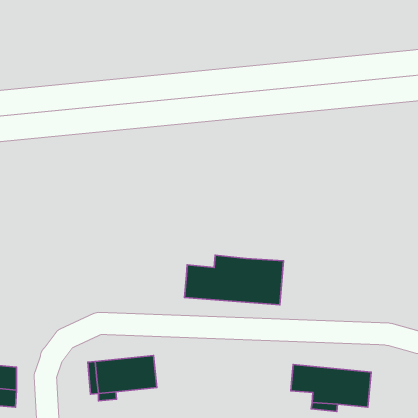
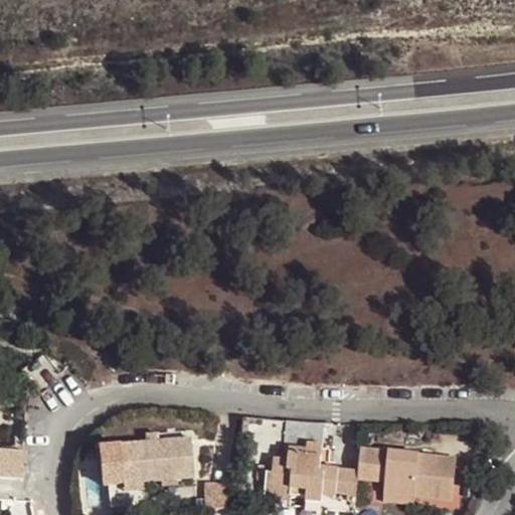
building: [185,255,283,305] -> none
building: none -> [263,419,357,500]

